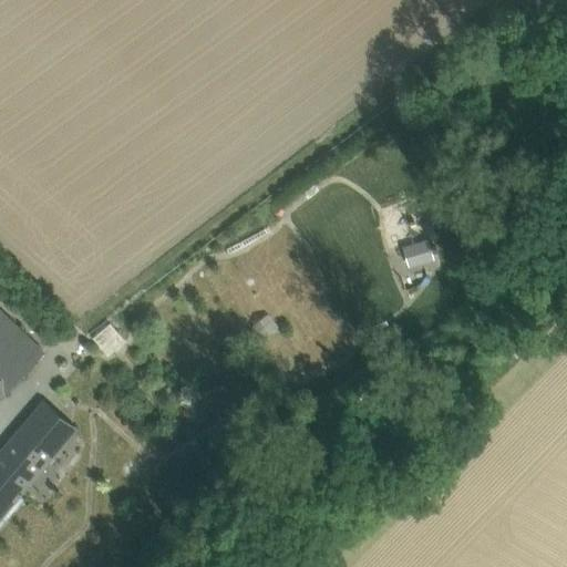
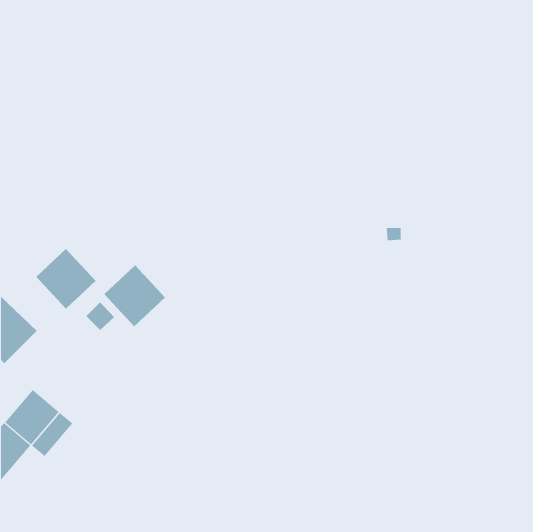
building: none -> [35,248,96,309]
building: none -> [103,265,166,327]

